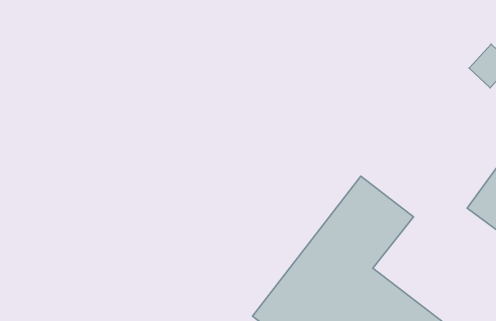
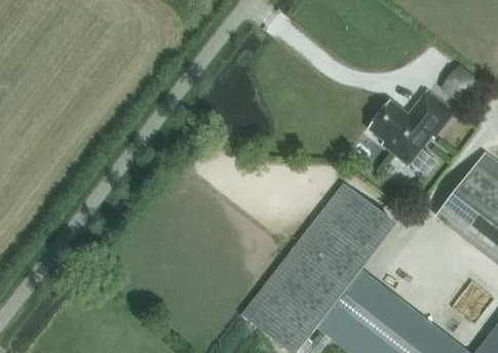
building: none -> [369,90,453,164]

